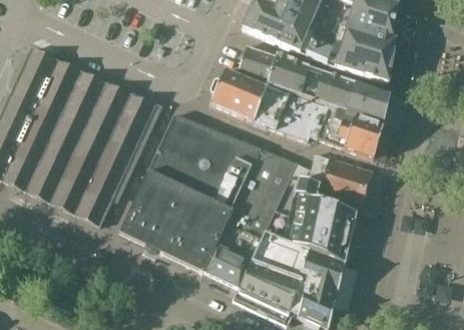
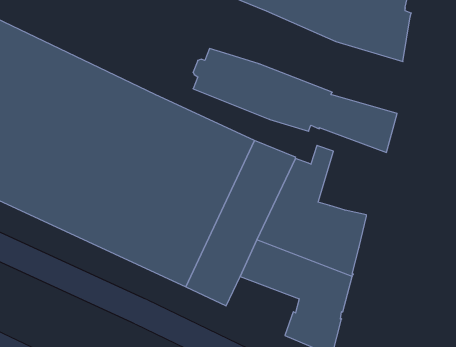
building: [238,47,391,127] -> none
building: [317,158,374,214] -> none
building: [239,266,301,316] -> none

